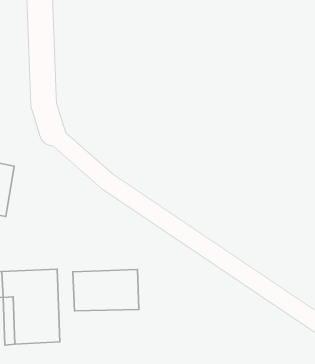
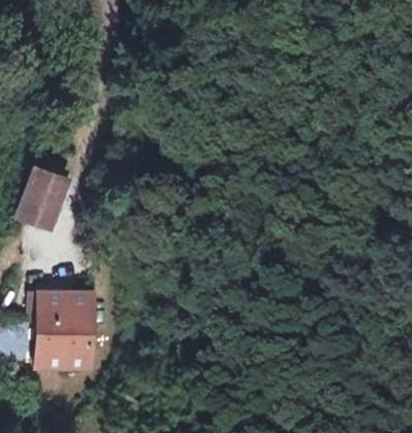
building: [73,269,139,311] -> none

